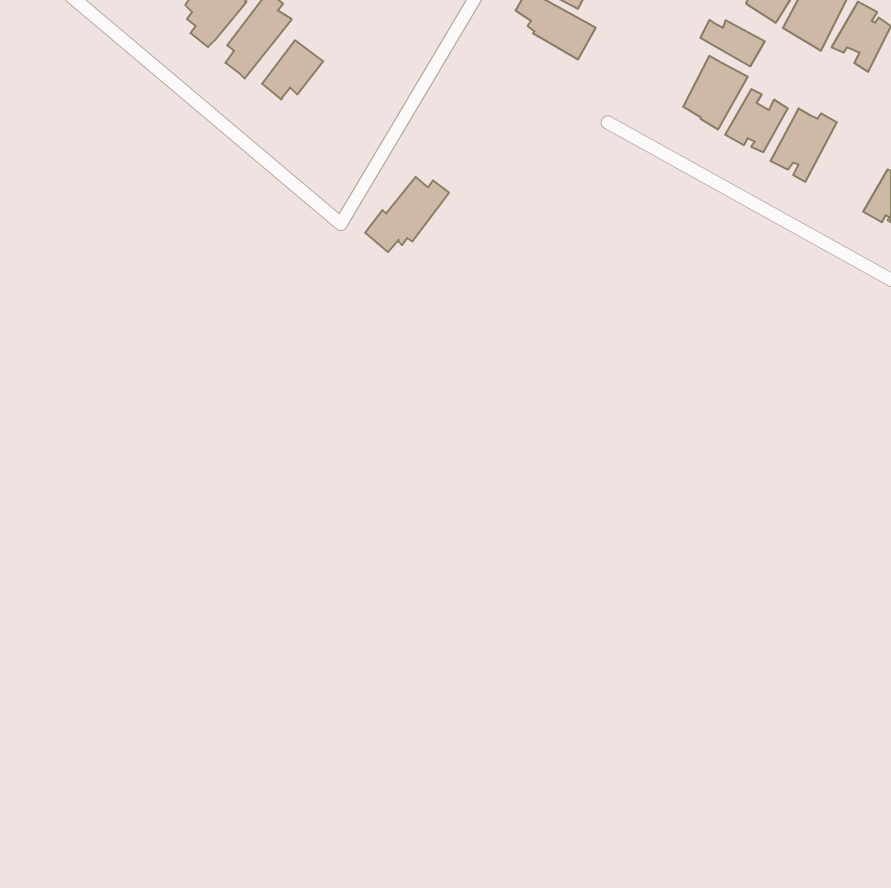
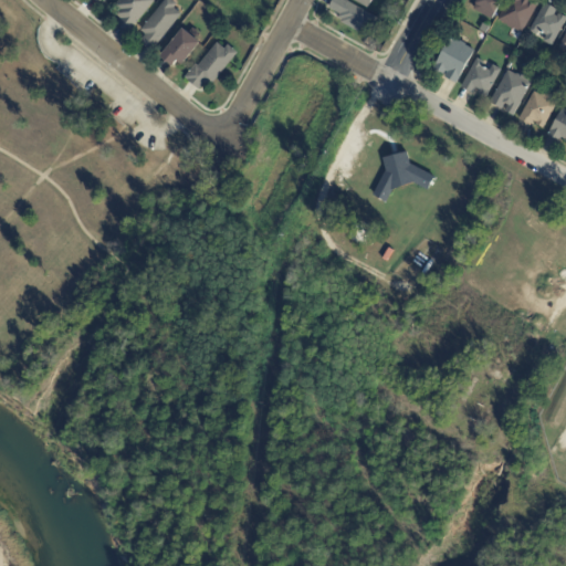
building: [700,20,765,66] -> none
building: none -> [516,88,556,127]
building: [365,177,449,252] -> [188,41,241,88]
building: none -> [371,147,432,198]

